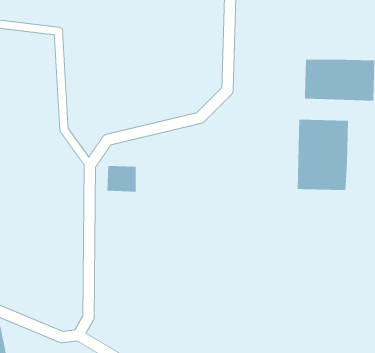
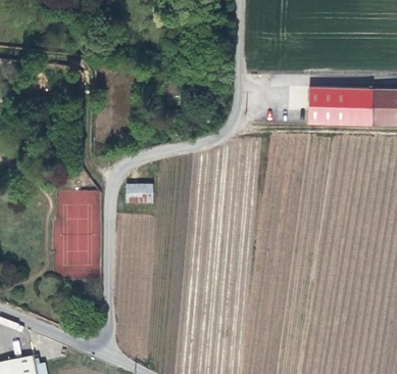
building: [297,119,349,191] -> none

